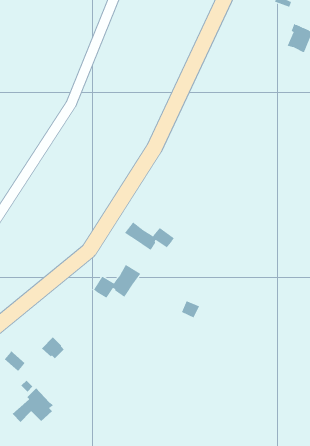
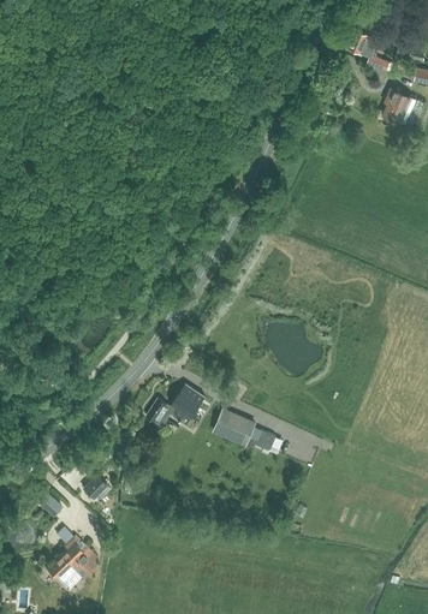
building: [124,221,174,251] -> none
building: none -> [213,410,255,446]

